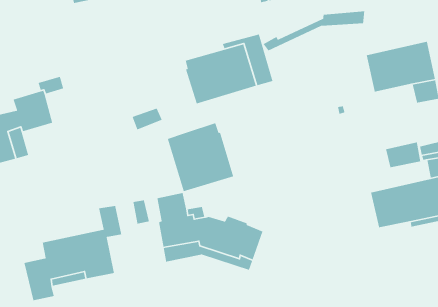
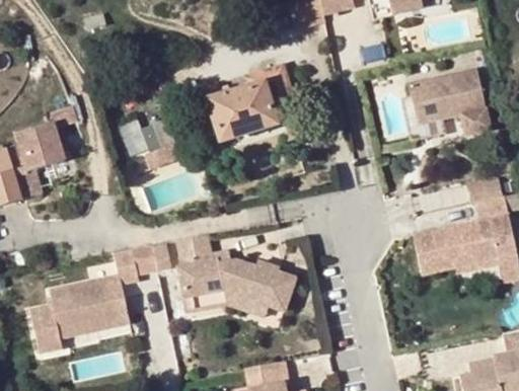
building: [263,11,365,51] -> none
building: none -> [119,110,165,154]
building: [167,122,234,192] -> none

